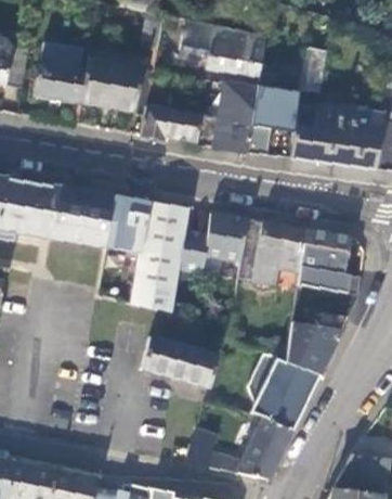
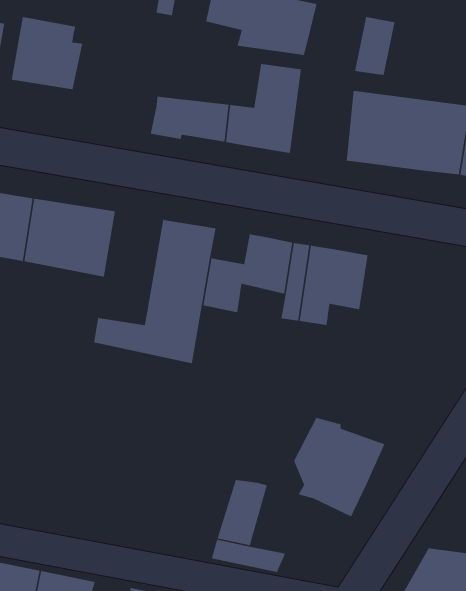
building: [80,60,152,116] -> none
building: [246,68,295,157] -> none
building: [104,195,148,252] -> none
building: [297,229,361,296] -> none
building: [285,311,349,373] -> none
building: [141,336,217,385] -> none
building: [236,415,292,477] -> none

